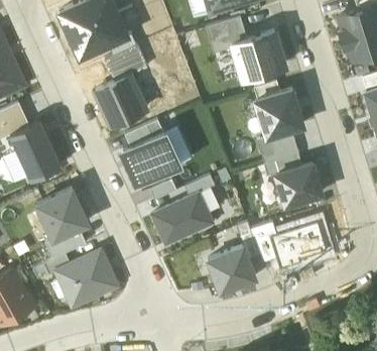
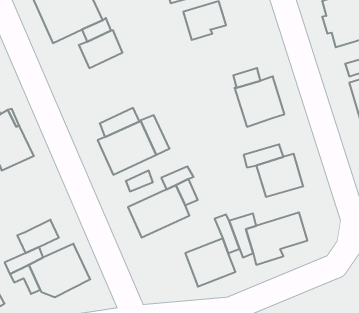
building: [232,32,285,80] -> none
building: [96,75,146,125] -> none
building: [256,130,299,165] -> none
building: [37,190,88,240] -> none

